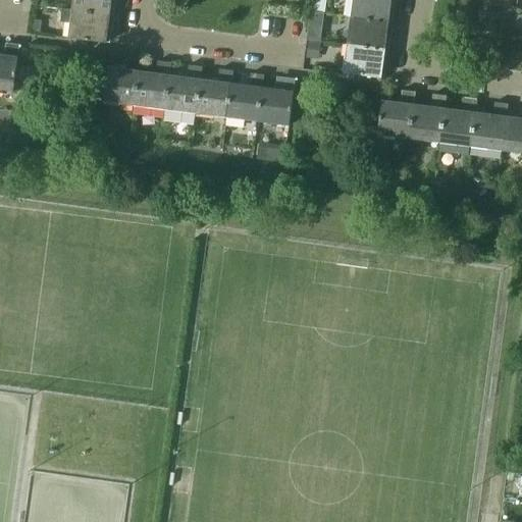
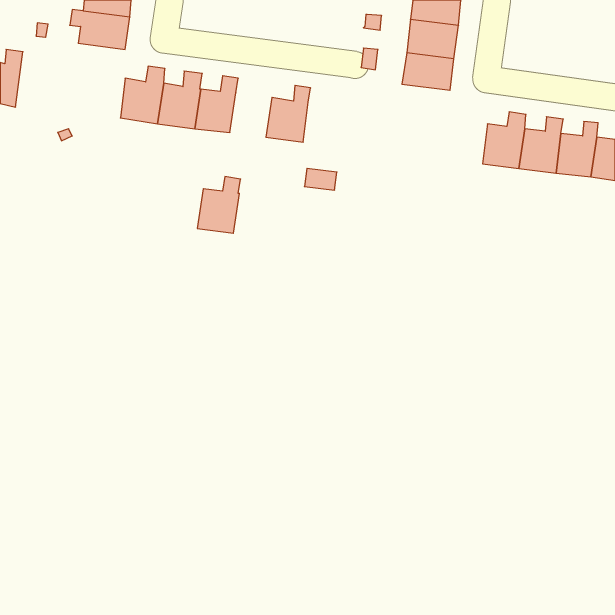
building: [195,68,231,116] -> [197,177,241,233]
building: [257,75,295,124] -> none
building: [377,91,415,139] -> none

